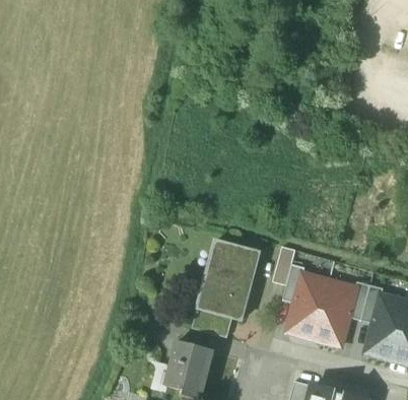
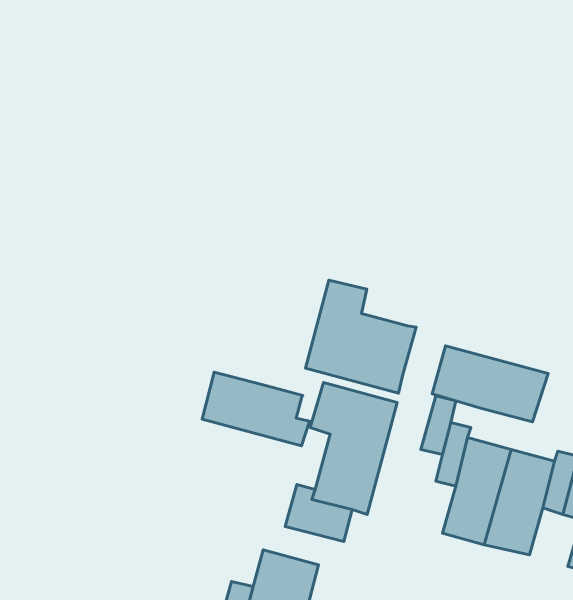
building: none -> [306,280,416,393]
building: none -> [432,346,548,422]
building: none -> [202,372,310,446]

